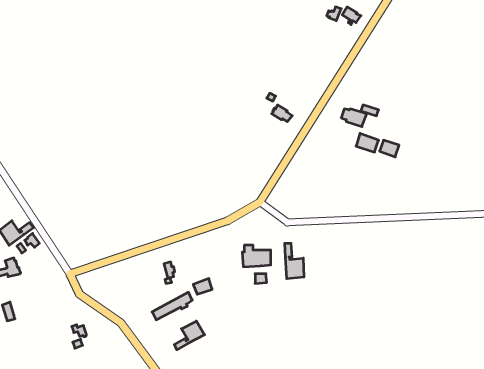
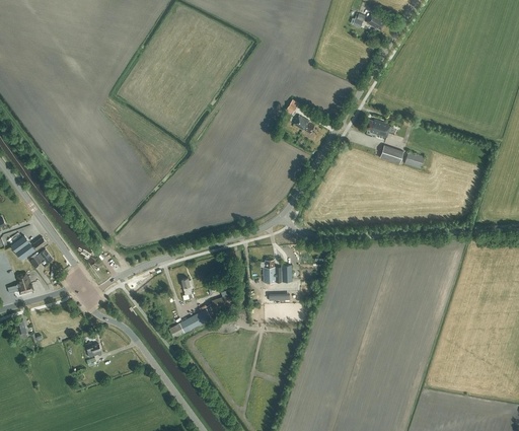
building: [285,243,304,279] -> none
building: [174,321,205,350] -> none

